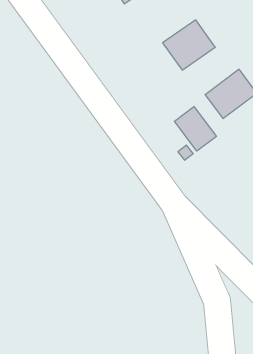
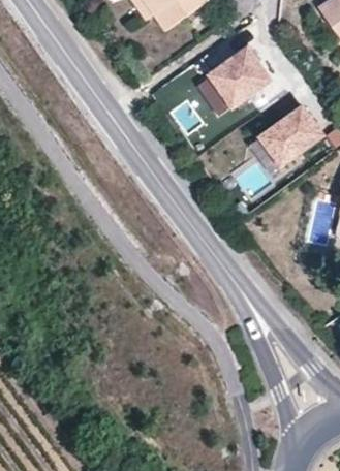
building: [174,107,216,151] -> none

